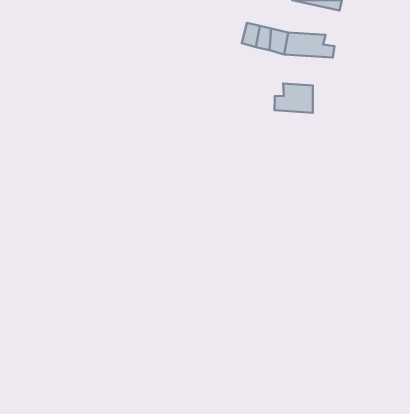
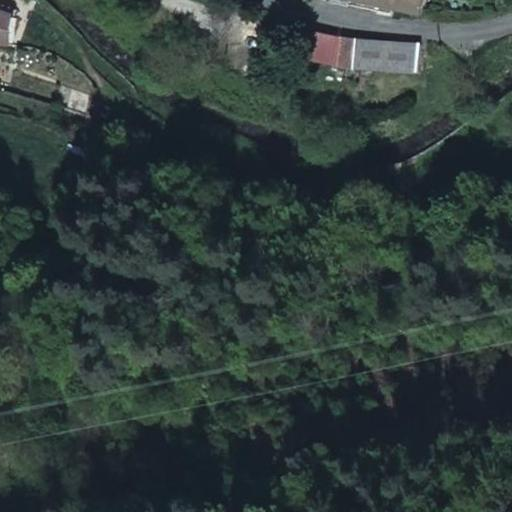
building: [275,84,313,113] -> none

